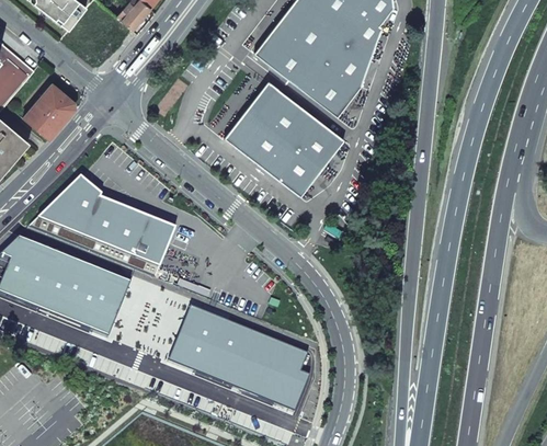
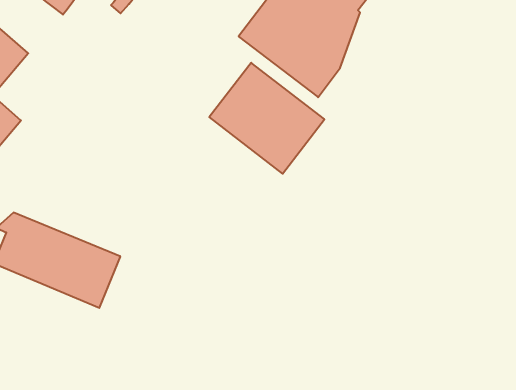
building: [23,82,75,138] -> none
building: [30,176,174,274] -> none
building: [169,306,309,410] -> none

